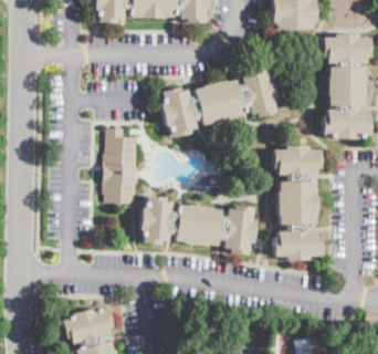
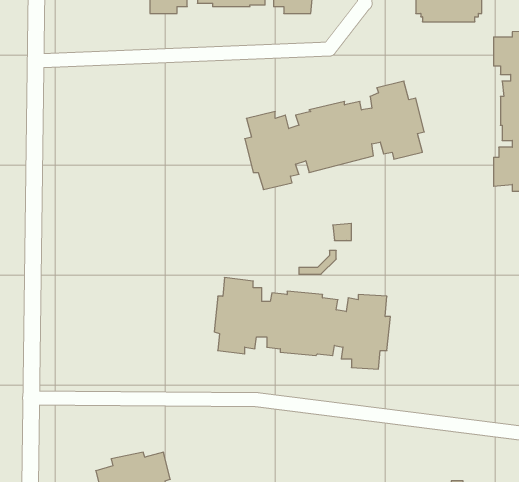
building: [104,128,139,204] -> none
building: [274,145,323,260] -> none

